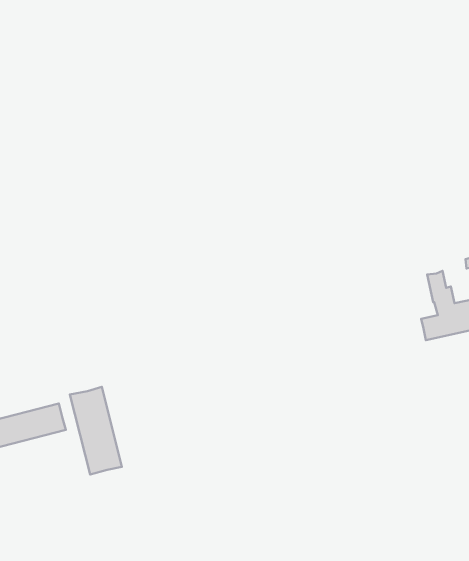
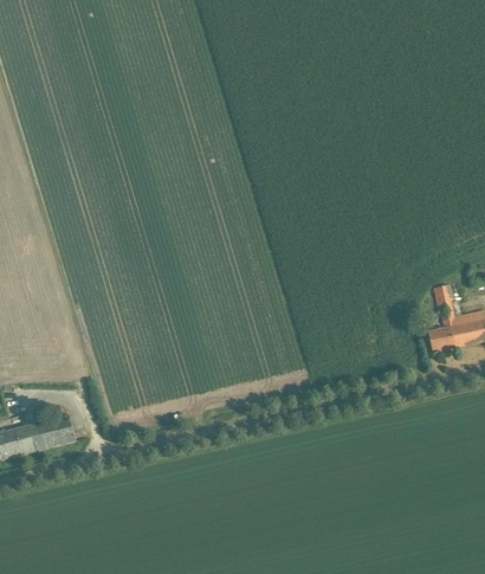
building: [70,387,122,474] -> none

